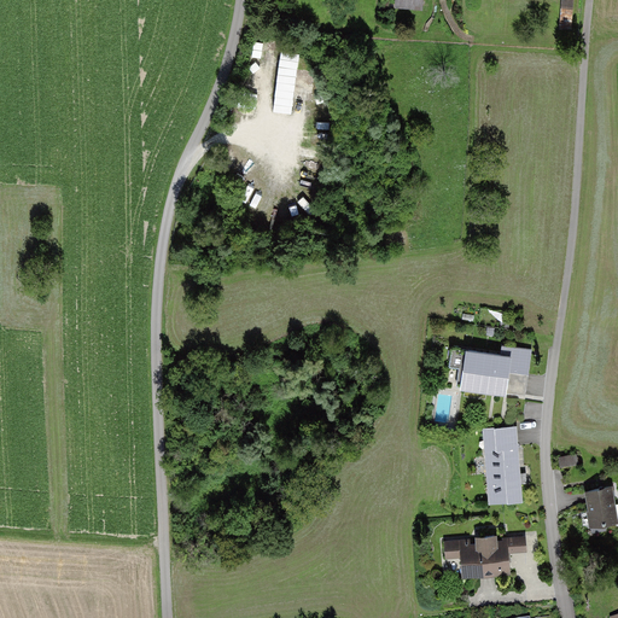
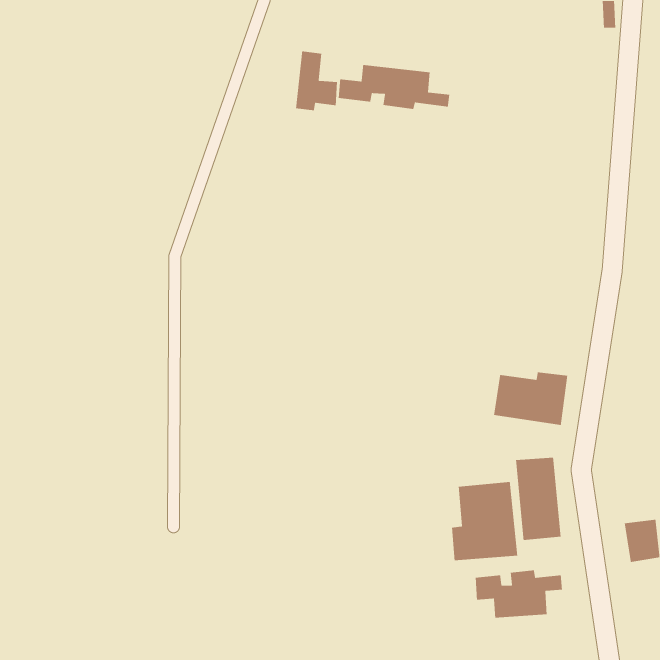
building: none -> [338,64,450,110]
building: none -> [451,481,518,561]

